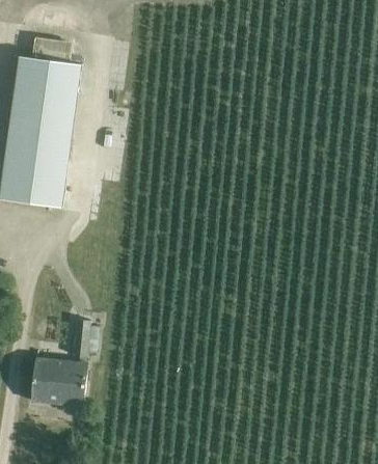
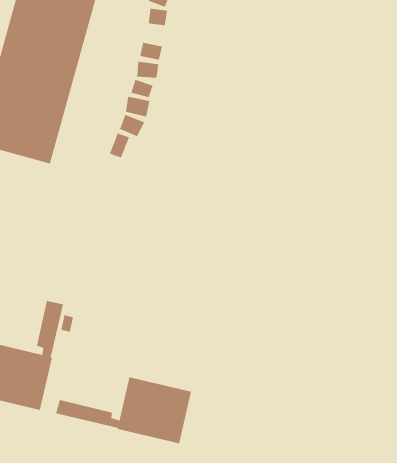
building: none -> [55,377,191,444]

